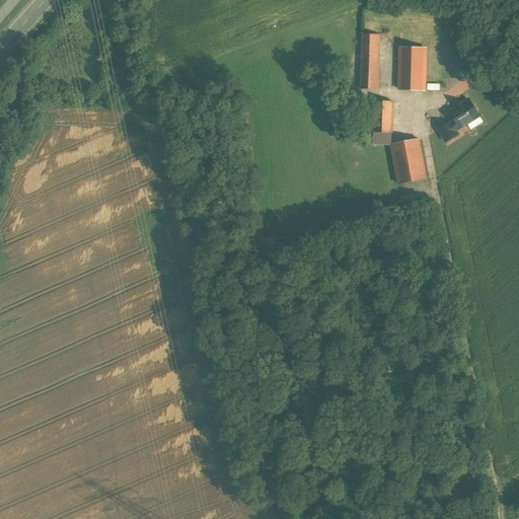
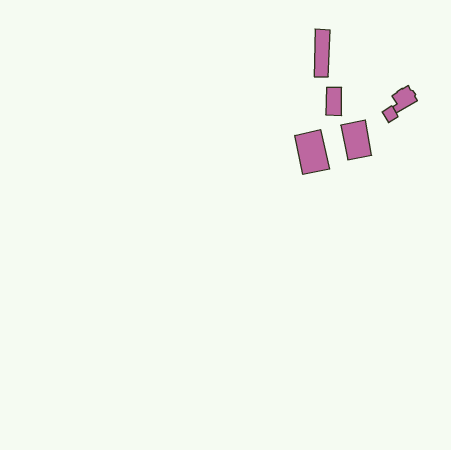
building: [399,56,426,89] -> none
building: none -> [295,130,330,174]

